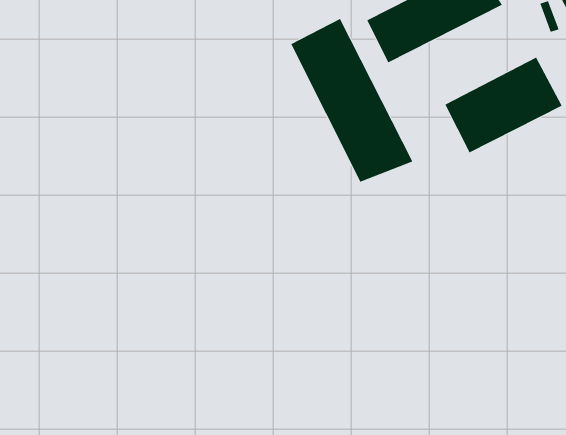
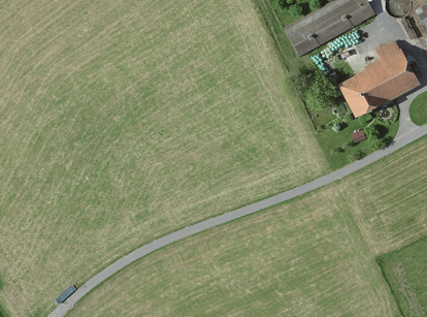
building: [291,18,413,182] -> none

